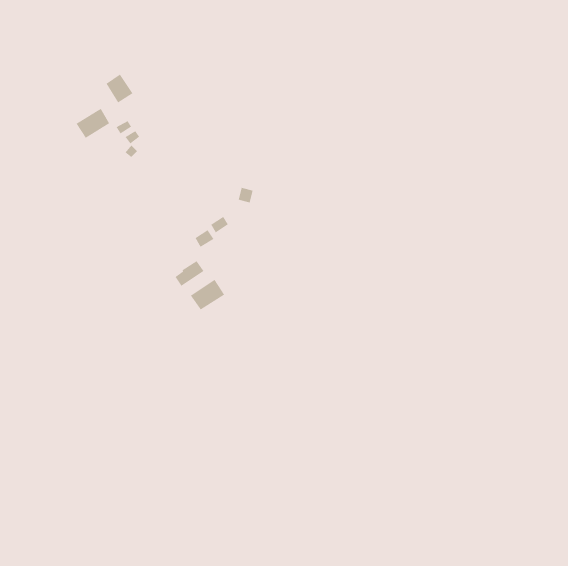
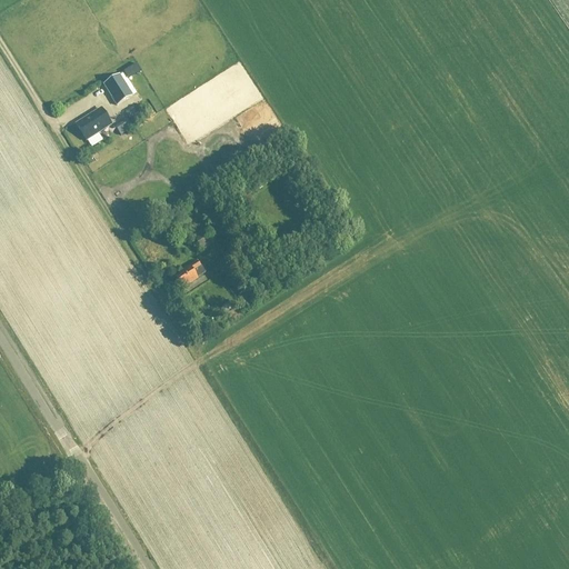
building: [190,279,225,311] -> none

